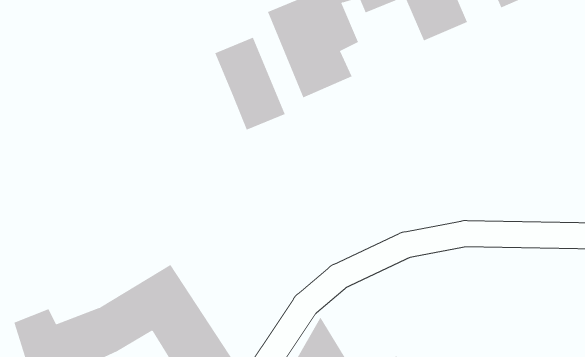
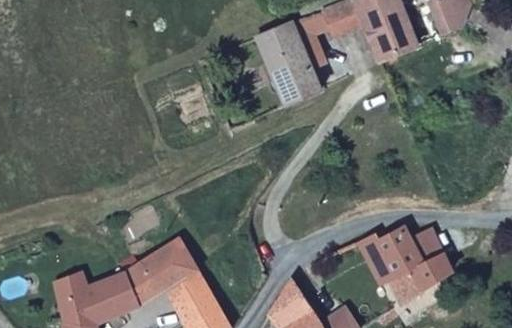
building: [215,37,285,130] -> none
building: none -> [360,226,455,304]

